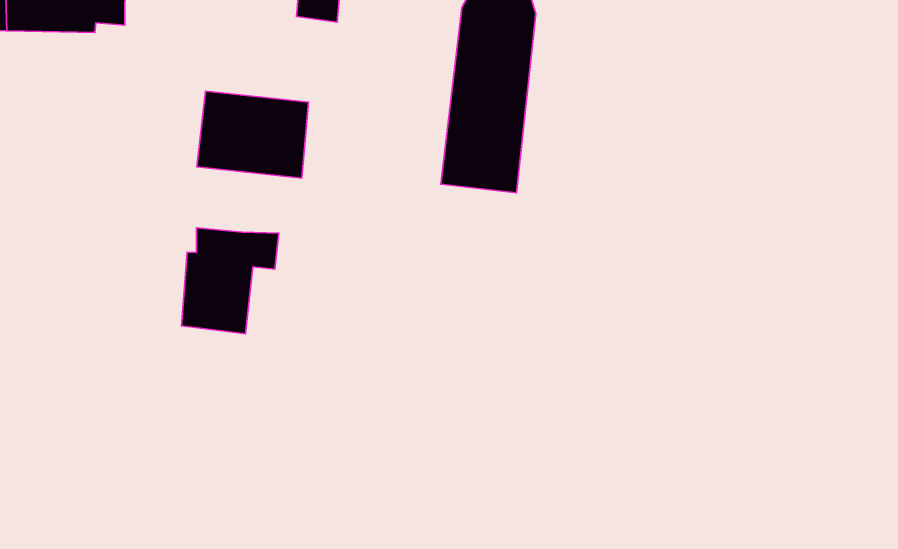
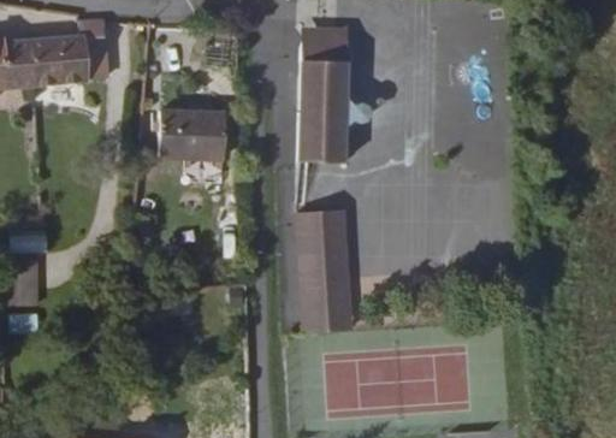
building: [181,228,279,334] -> none
building: none -> [296,213,346,332]

